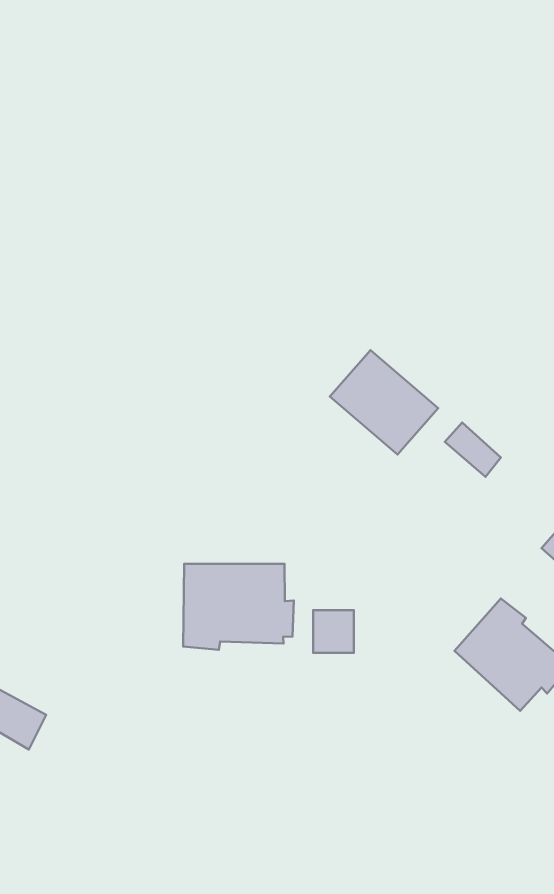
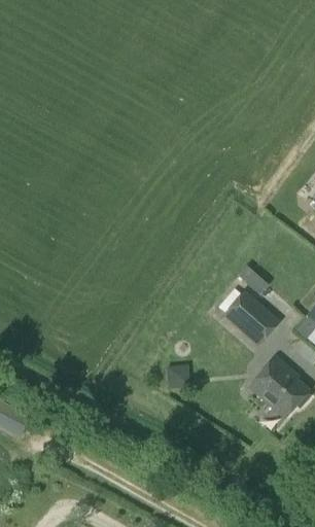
building: [330,350,438,454] -> [224,290,282,346]
building: [183,564,294,650] -> none

